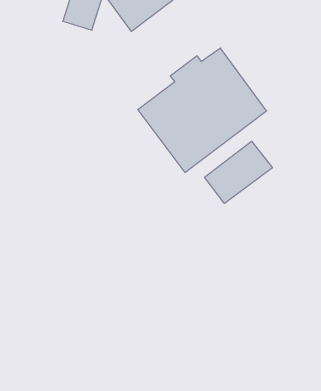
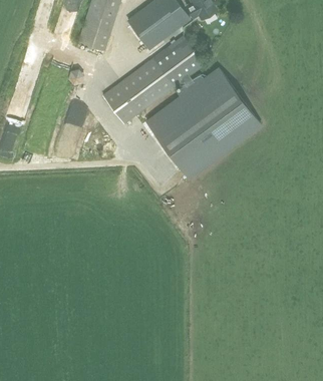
building: none -> [103,36,203,123]
building: [205,141,272,203] -> none

